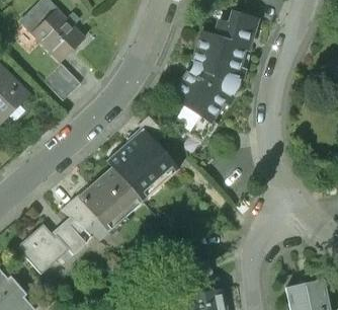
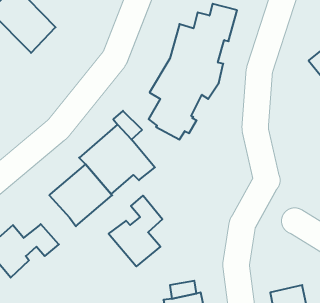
building: [46,61,81,97] -> none
building: [61,192,97,226] -> none
building: none -> [109,196,162,266]

